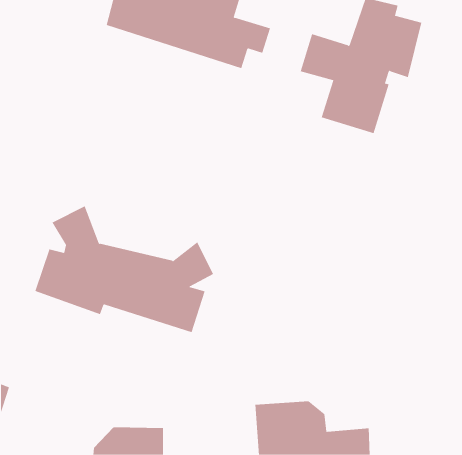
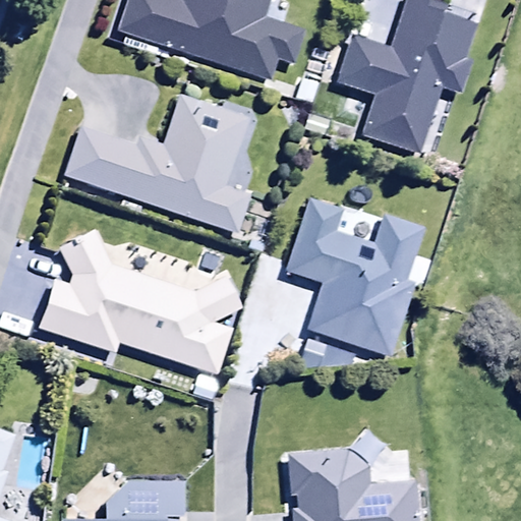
building: none -> [63,95,249,230]
building: none -> [289,201,431,356]

